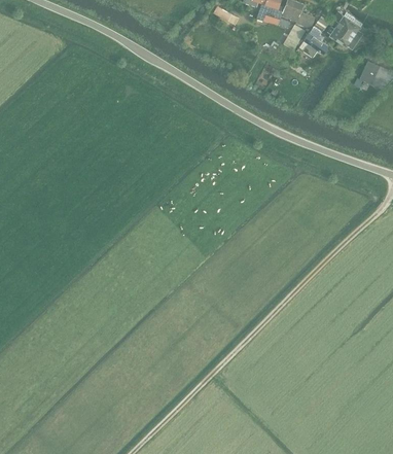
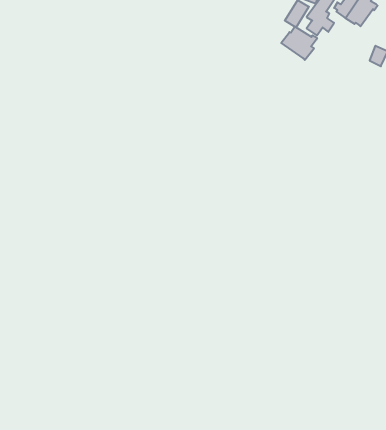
building: none -> [281,27,317,60]

